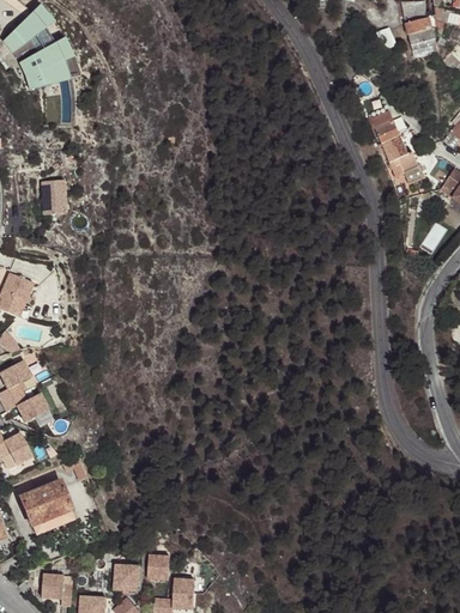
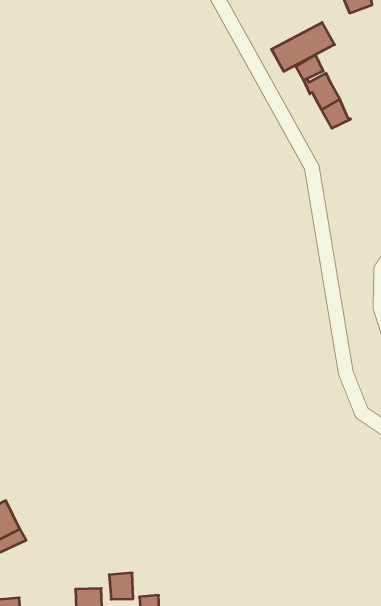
building: none -> [271,22,335,71]
building: [391,152,422,184] -> none

